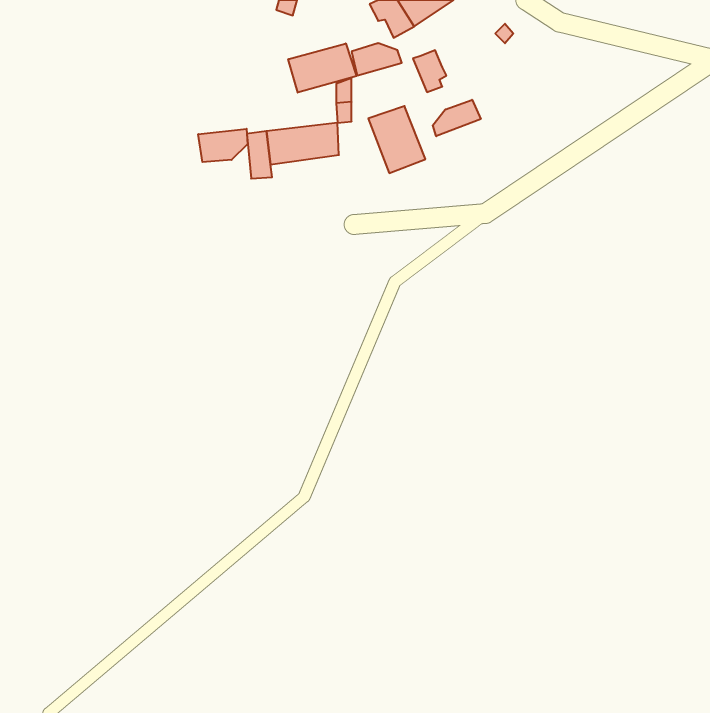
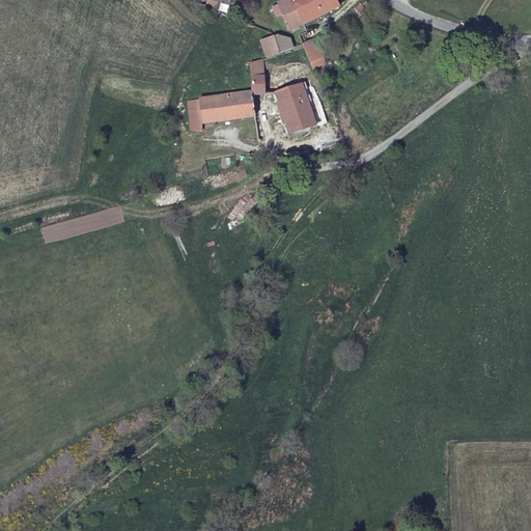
building: [288,43,356,93] -> none
building: [433,100,481,136] -> none
building: [198,129,248,162] -> none

